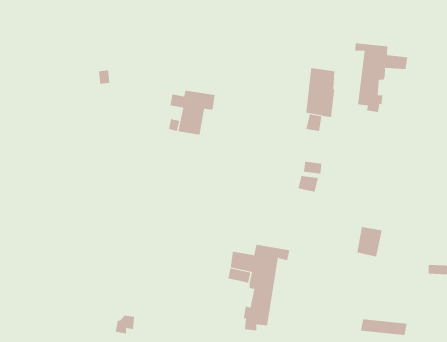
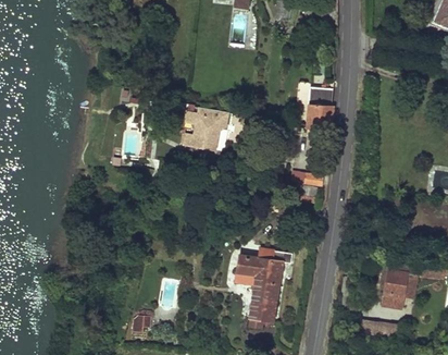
building: [355,42,408,113] -> none
building: [357,226,383,257] -> [384,270,408,298]

